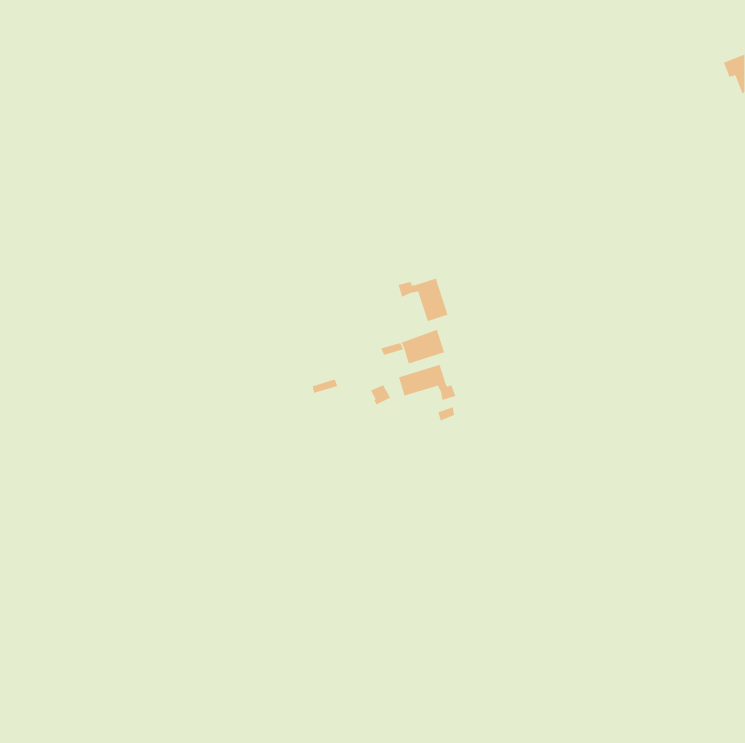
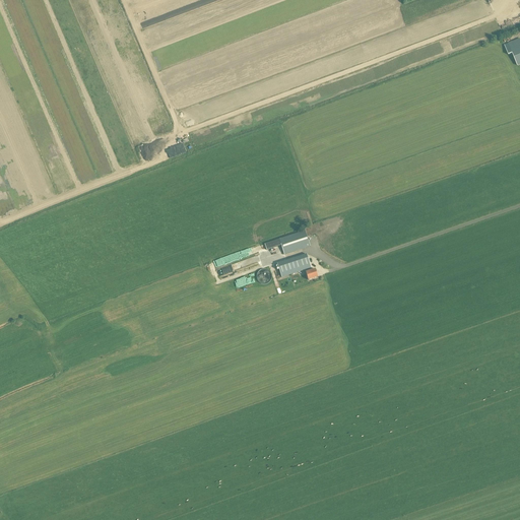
building: [398,278,448,322] -> none

